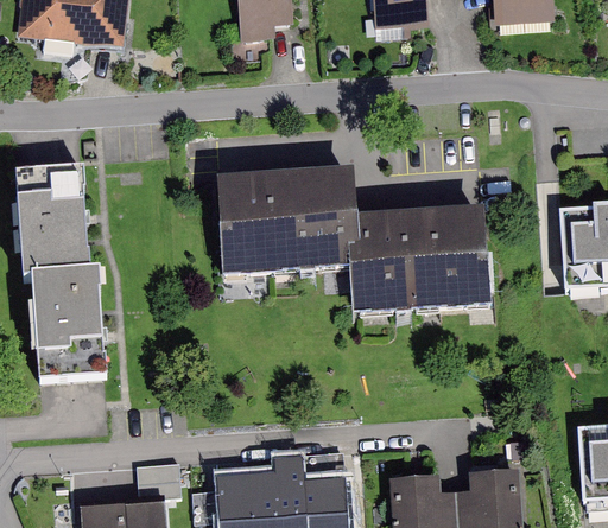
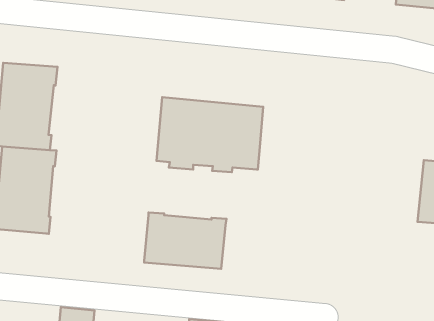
building: [354,211,486,305] -> none
building: none -> [144,212,226,269]

